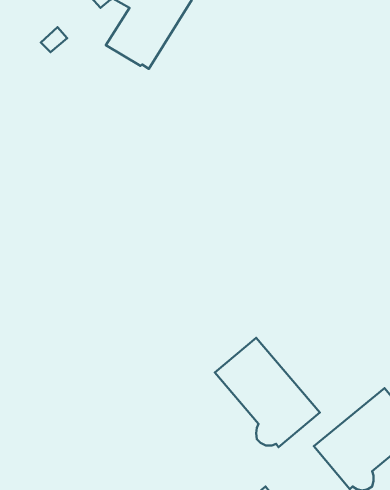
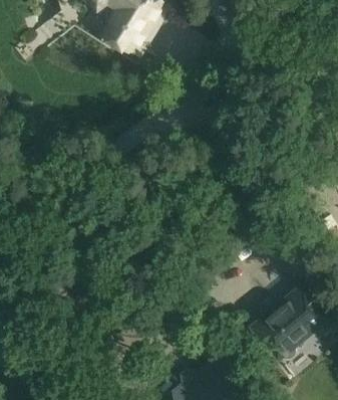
building: [215,338,320,447] -> none

